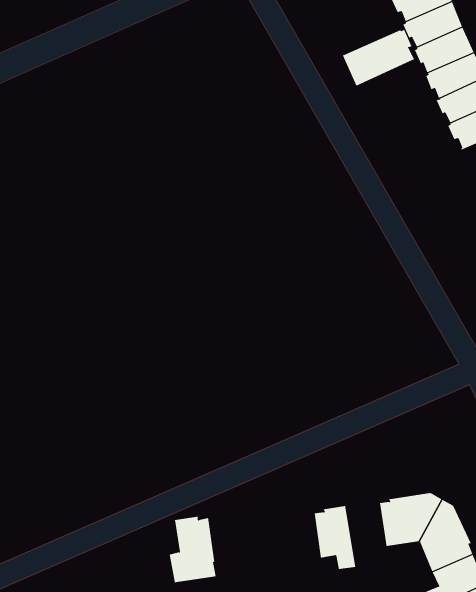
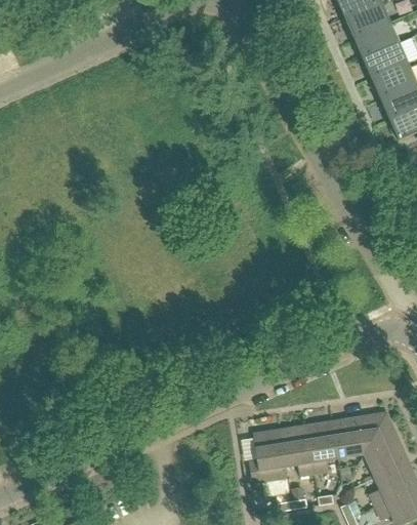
building: [342,29,415,86] -> none
building: none -> [306,420,338,473]
building: [169,516,216,583] -> [249,429,287,482]

